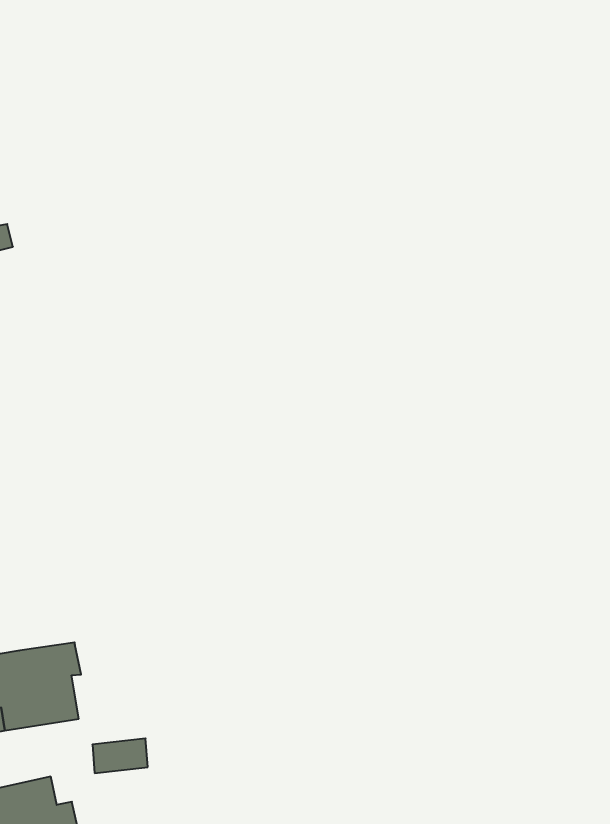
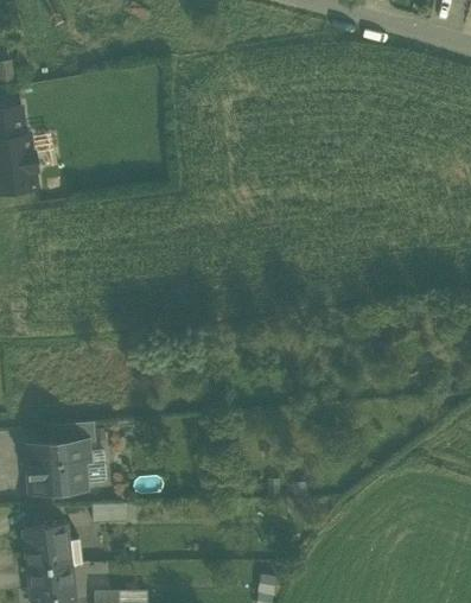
building: none -> [52,421,96,443]

